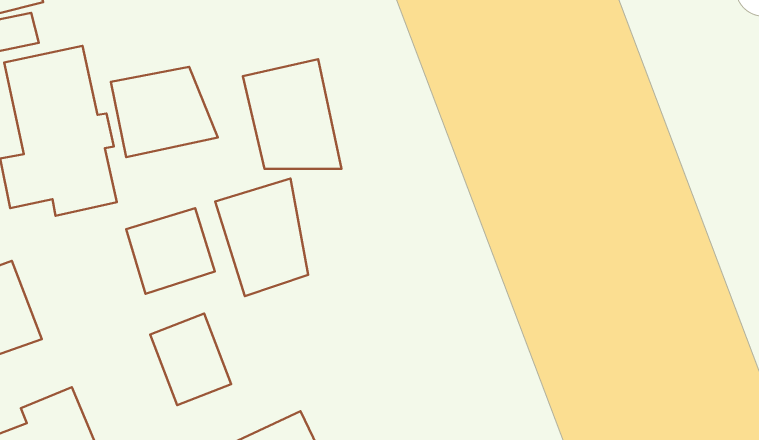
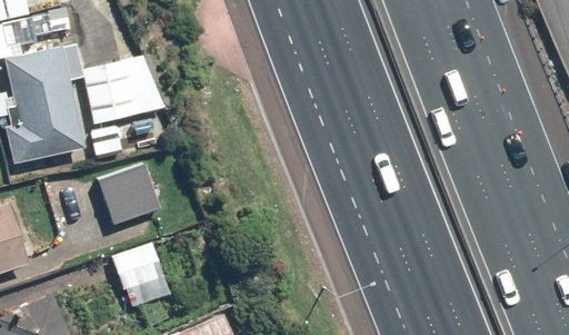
building: [243,59,341,169] -> none
building: [215,179,308,296] -> none

